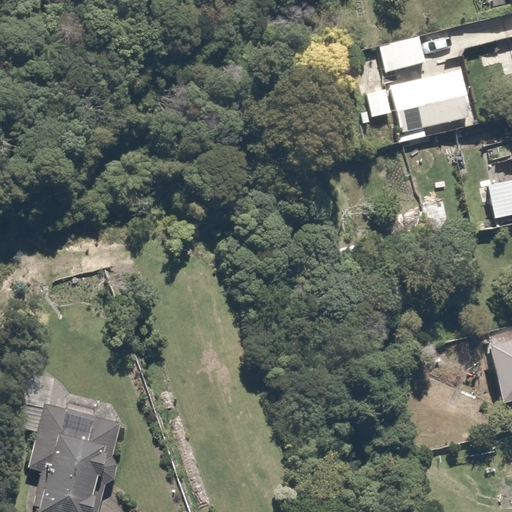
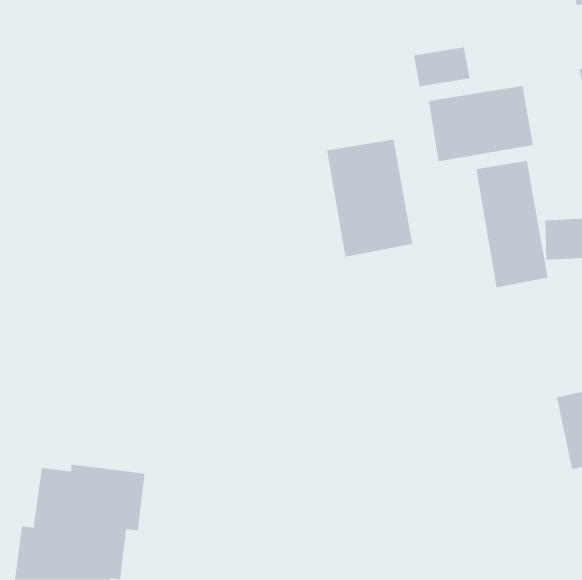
building: none -> [327,139,413,257]
building: none -> [476,160,548,288]

